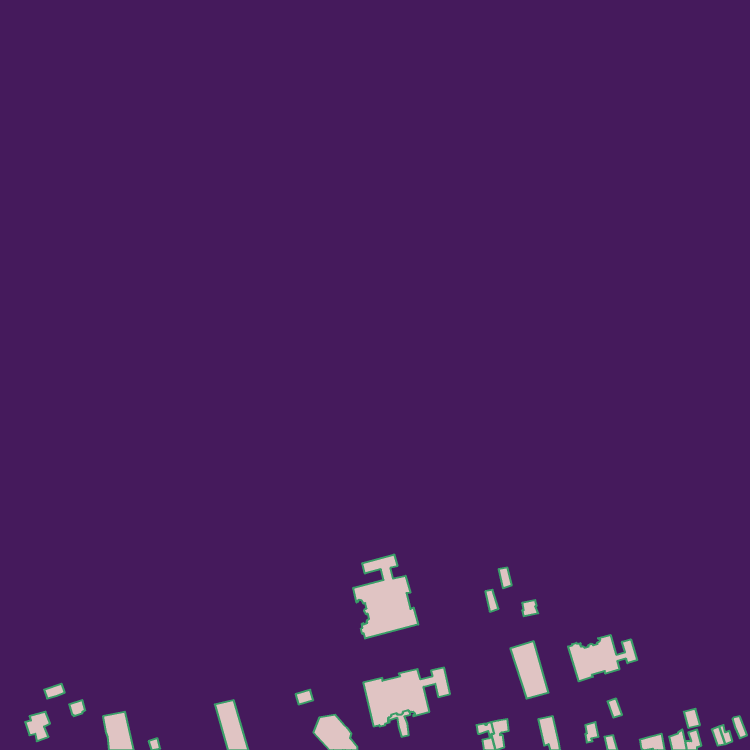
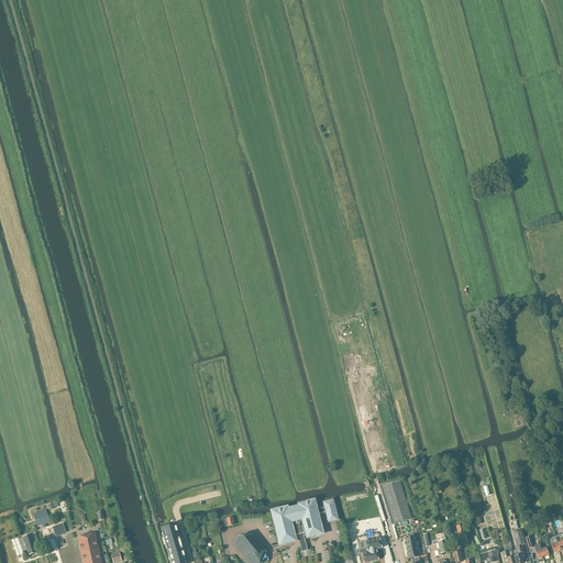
building: [353,554,418,639] -> none
building: [568,635,637,681] -> none

